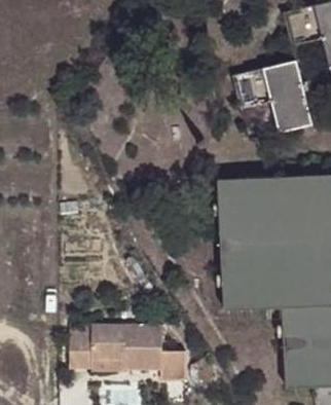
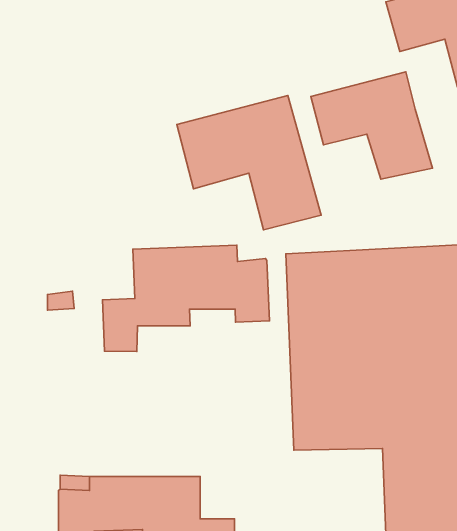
building: none -> [177,95,321,230]
building: none -> [103,245,269,352]

